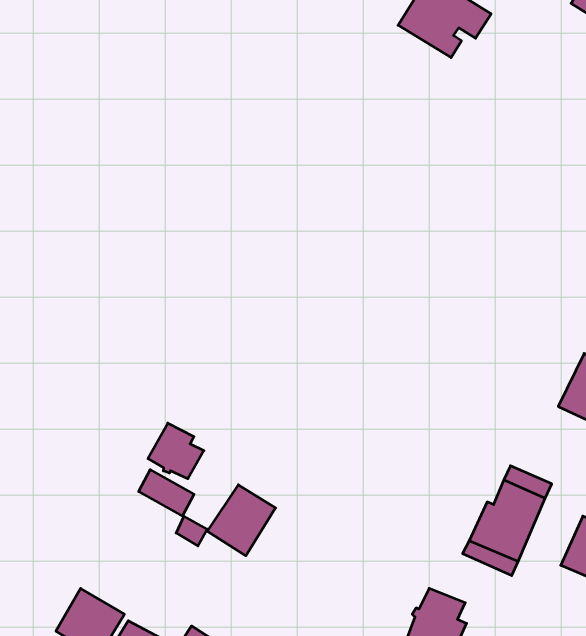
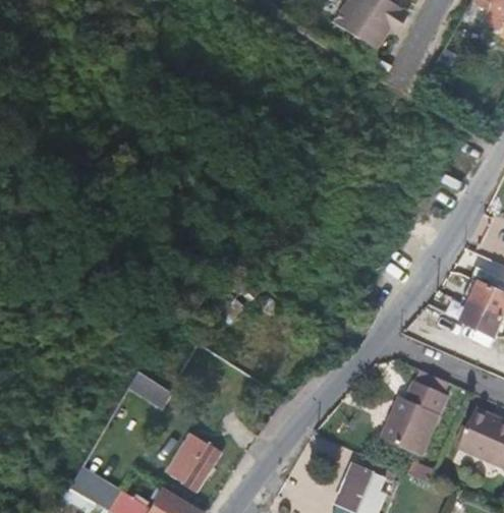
building: [148,423,204,479] -> none
building: [207,485,276,556] -> [162,434,216,490]

